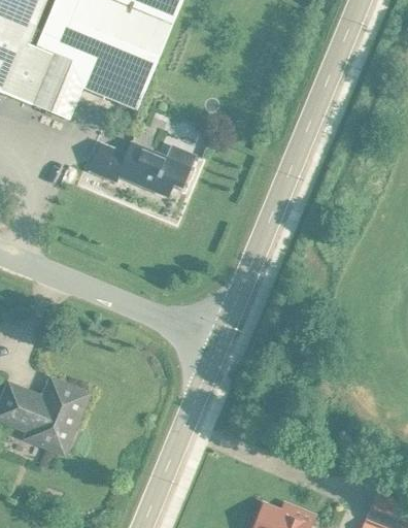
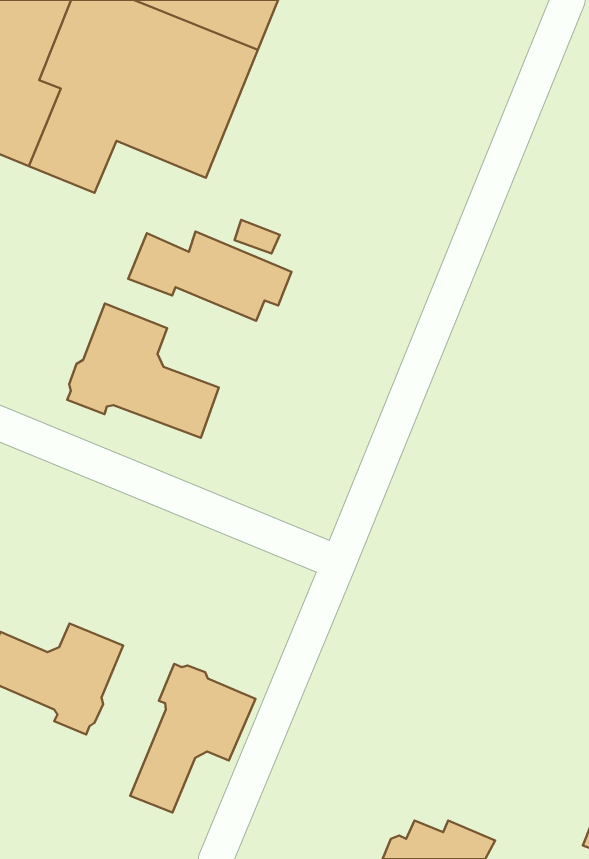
building: none -> [67,303,219,438]
building: none -> [130,664,255,812]

